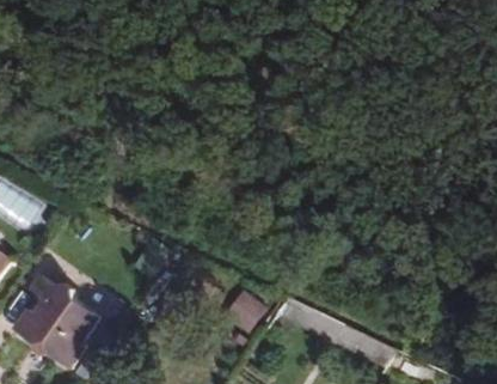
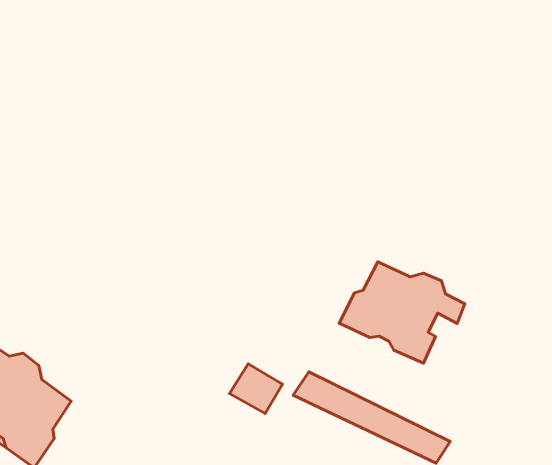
building: none -> [339,262,465,363]

